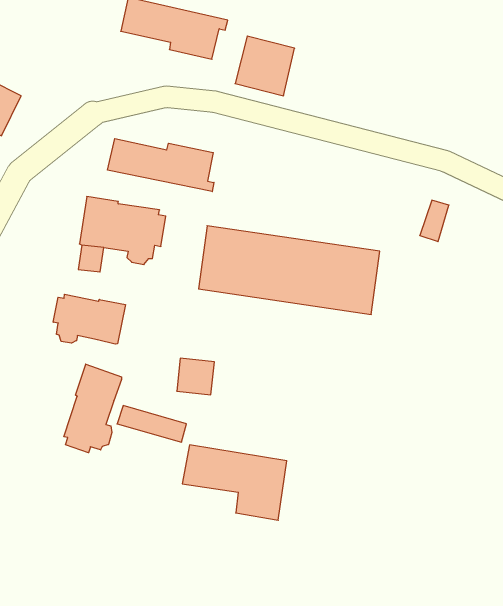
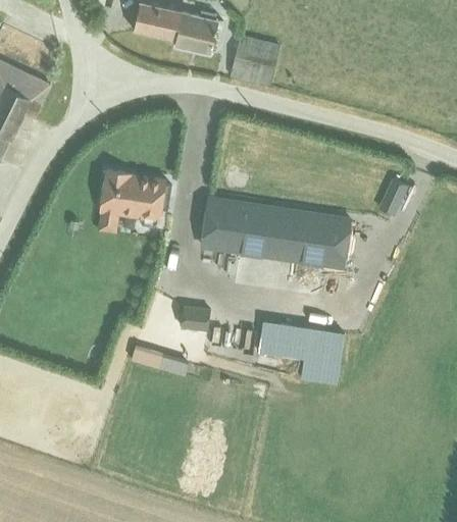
building: [108,139,214,192] -> none
building: [53,294,125,344] -> none
building: [64,364,122,453] -> none
building: [182,445,287,520] -> [256,321,344,384]

